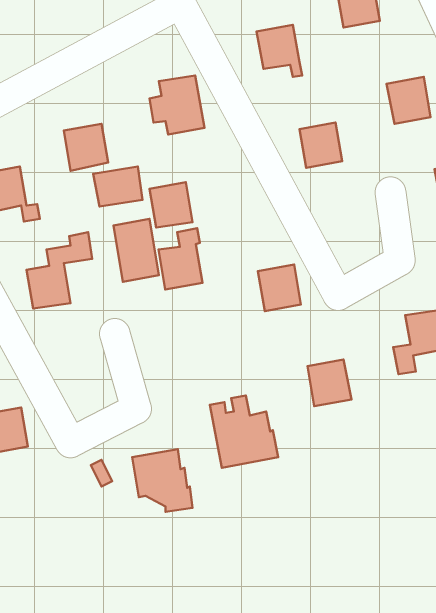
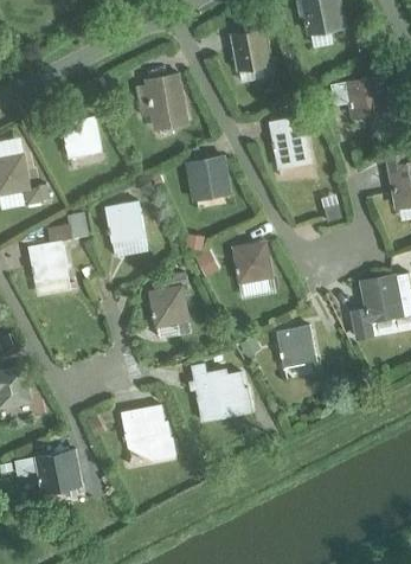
building: [93,166,142,207] -> none
building: [150,182,192,228] -> [190,158,227,198]
building: [158,228,203,290] -> [149,273,188,327]
building: none -> [15,451,73,492]

